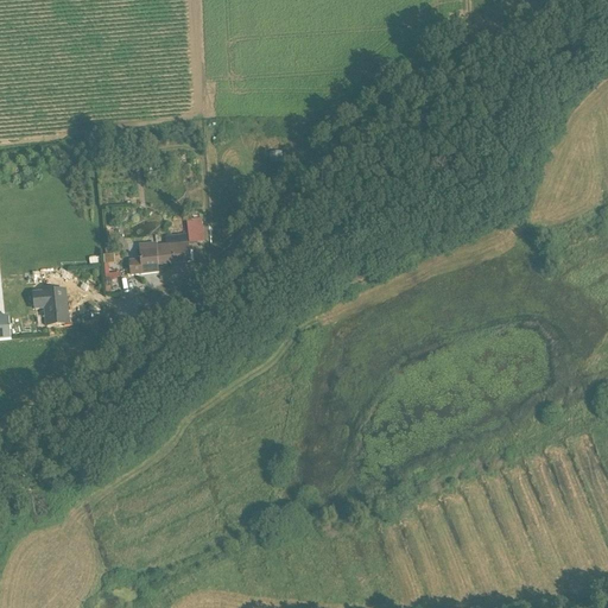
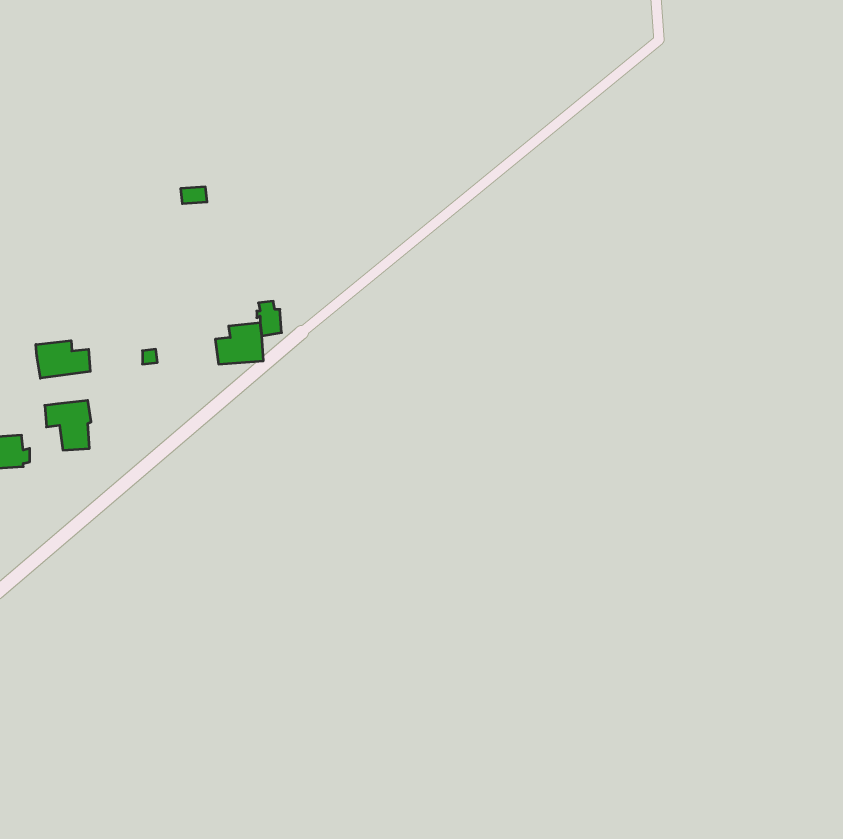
building: [129,242,158,273] -> none
building: none -> [36,341,90,378]

